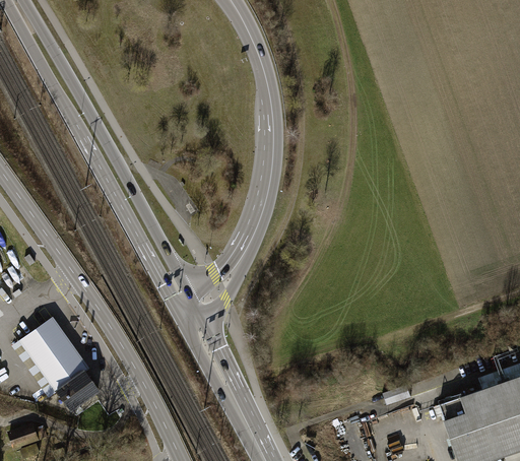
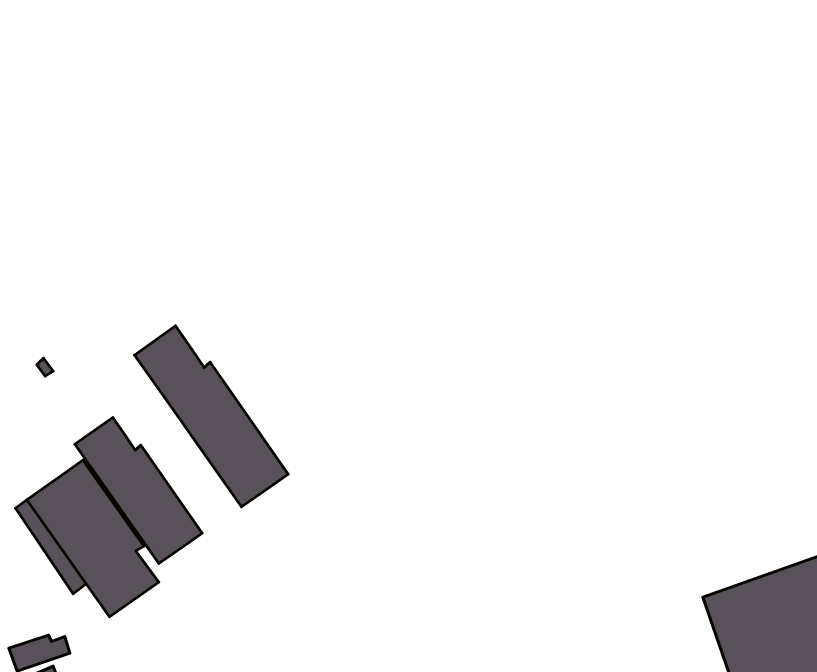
building: none -> [135,326,288,507]
building: none -> [75,417,202,563]

